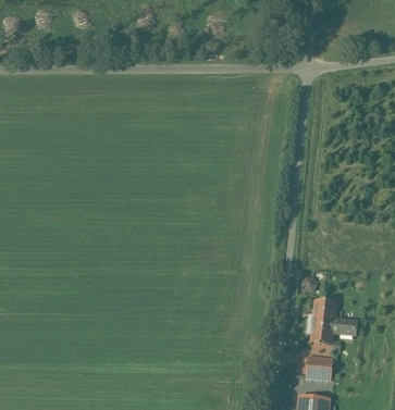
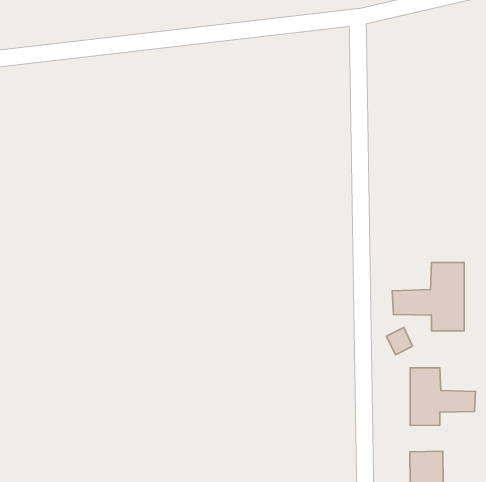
building: none -> [392,262,464,331]

